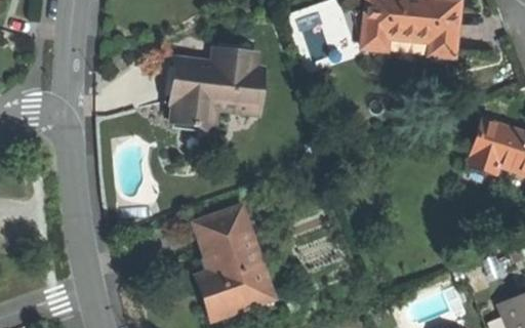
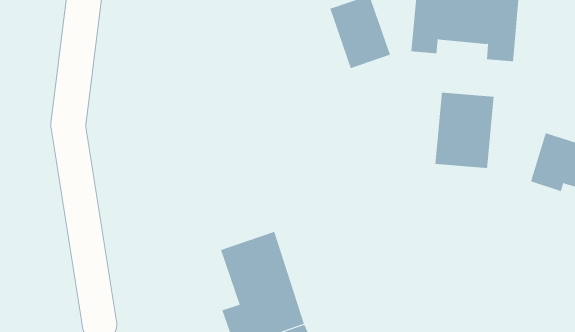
building: [171,49,262,126] -> none
building: none -> [435,92,494,169]

